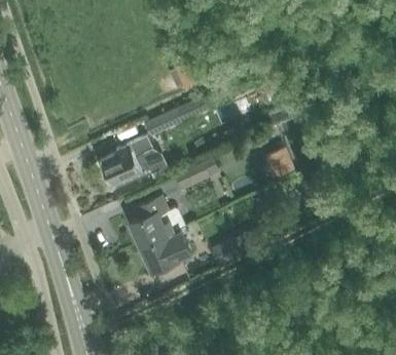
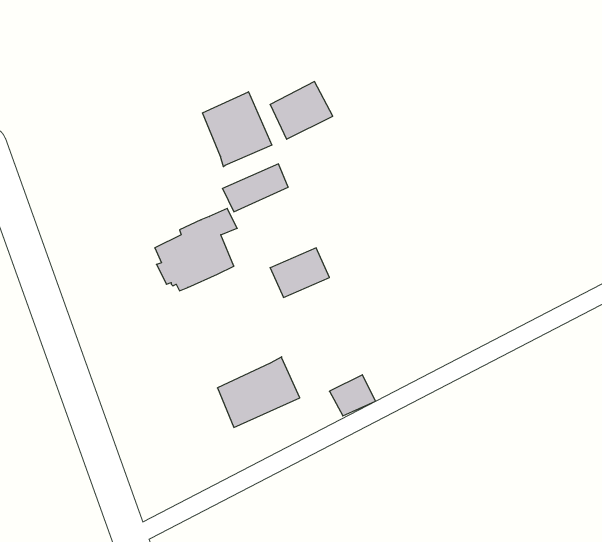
building: none -> [203,92,272,167]
building: [264,147,294,176] -> none
building: [129,196,185,247] -> none

